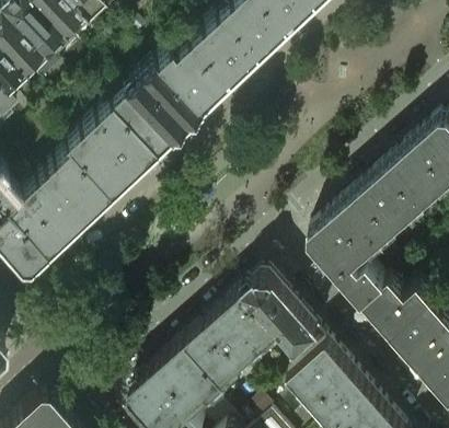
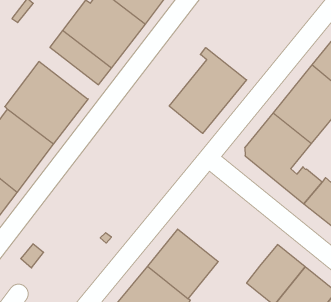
building: [107,95,166,157] -> none
building: none -> [169,48,247,133]
building: [225,277,327,363] -> none

